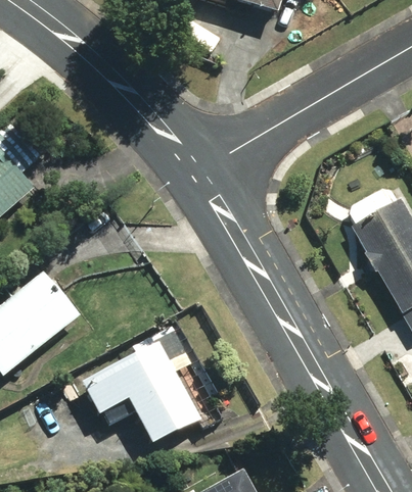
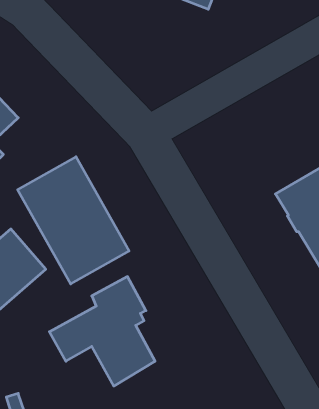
building: none -> [18,157,129,284]

